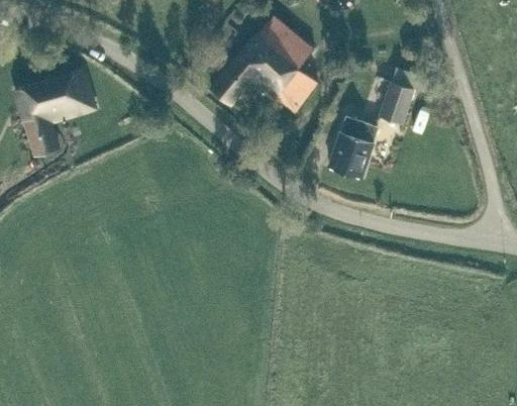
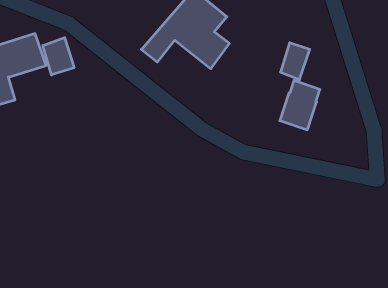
building: none -> [43,38,74,75]
building: [329,118,378,178] -> [280,80,320,130]

